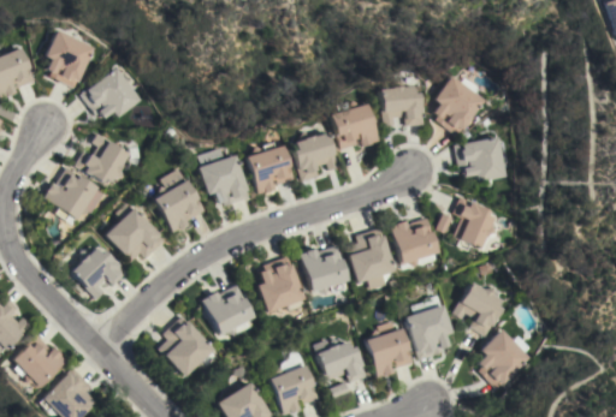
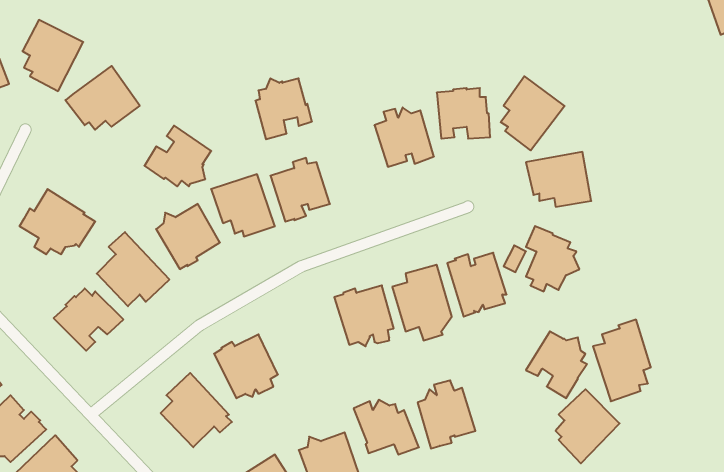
building: [294,132,339,181] -> [255,78,312,139]
building: [75,133,129,183] -> [144,126,211,186]
building: [256,256,304,312] -> none
building: [405,294,452,361] -> [593,320,651,401]

